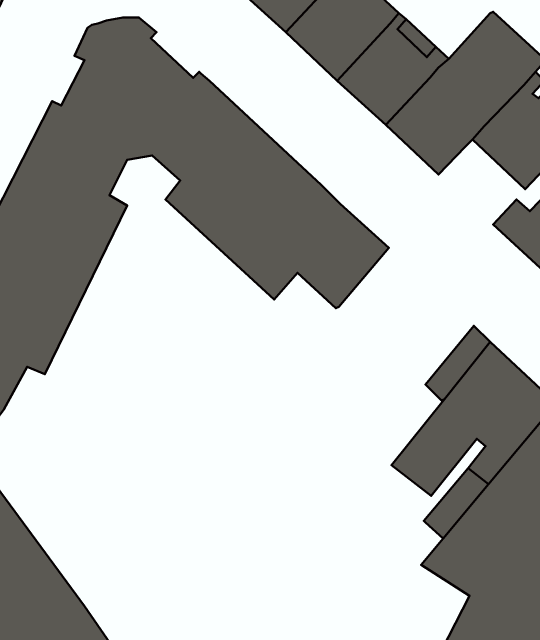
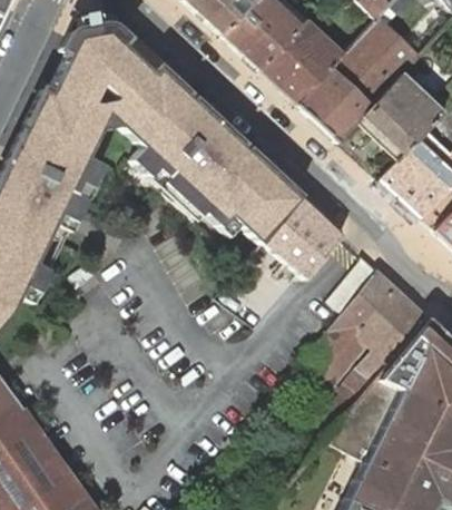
building: none -> [254,197,343,278]

